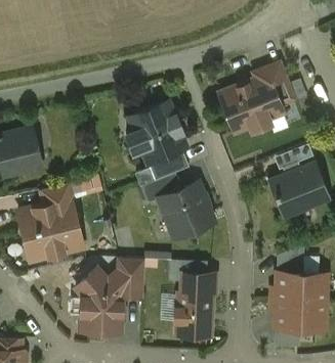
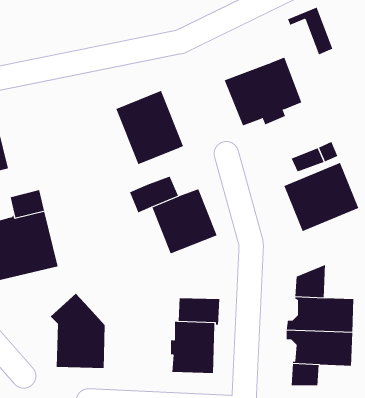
building: [254,64,292,104] -> [287,7,333,55]
building: [148,150,189,180] -> none
building: [108,258,144,296] -> none

